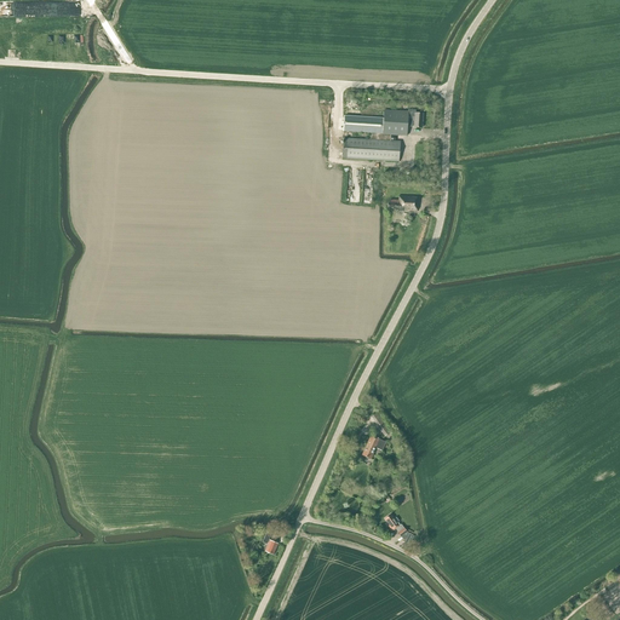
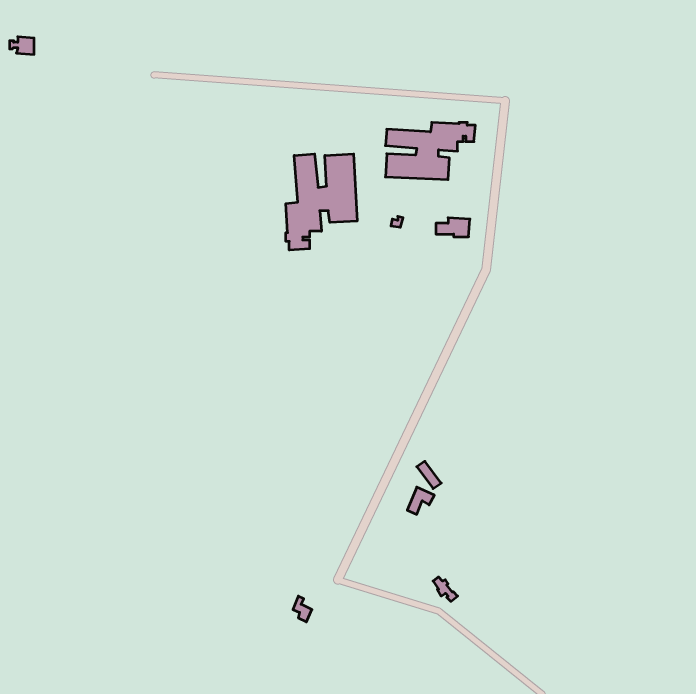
building: none -> [286,154,357,250]

